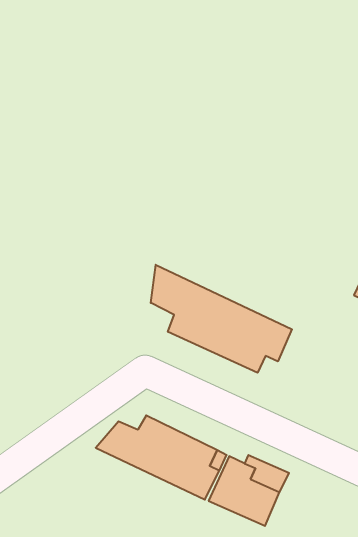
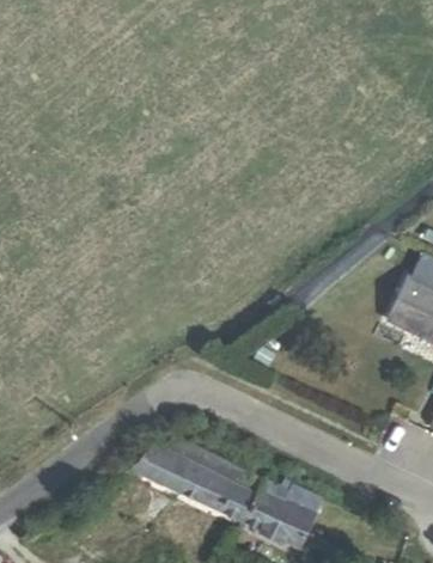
building: [151,265,292,373] -> none

